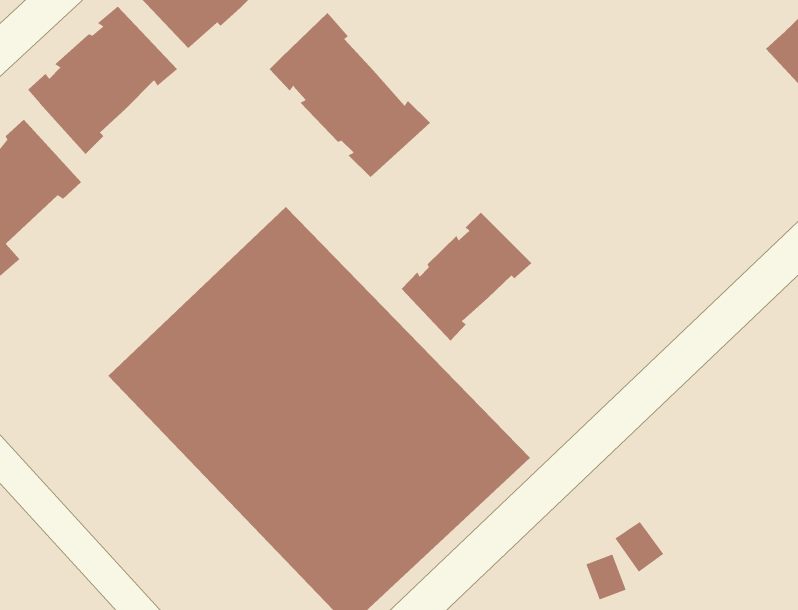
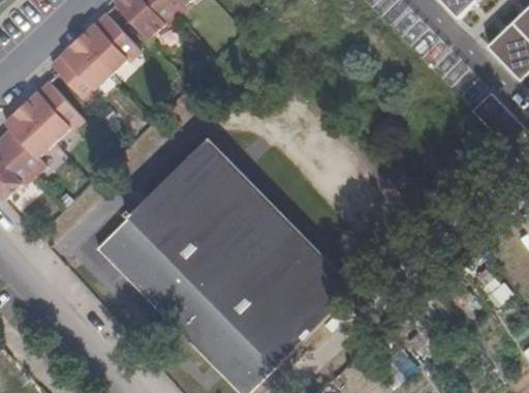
building: [269,12,431,178] -> none
building: [401,212,532,342] -> none

